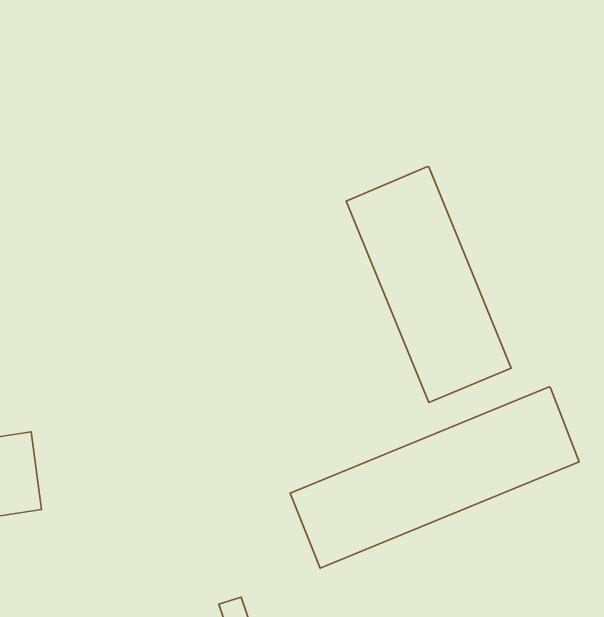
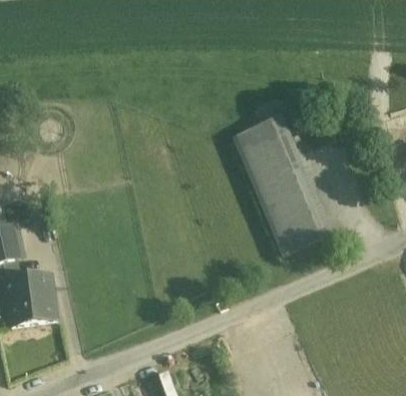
building: [290,387,579,568] -> none

